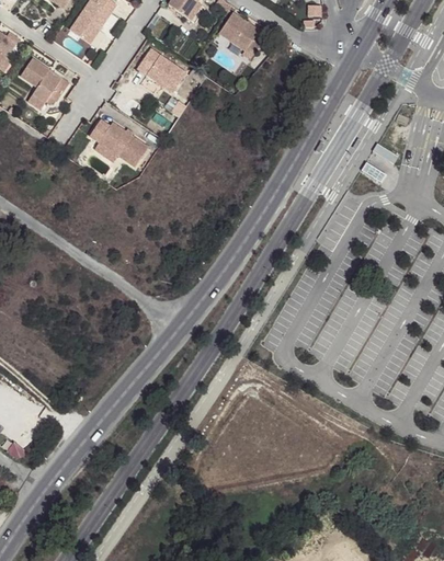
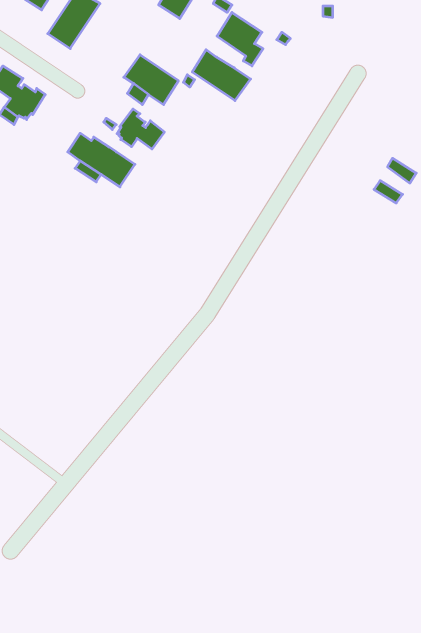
building: none -> [192,50,251,101]
building: none -> [117,109,164,149]

